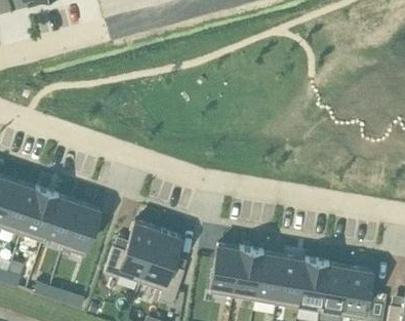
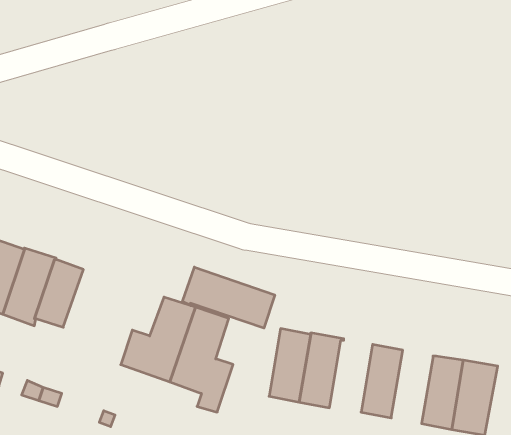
building: none -> [182,267,275,328]
building: [62,202,100,256] -> none
building: [253,252,284,304] -> none
building: [297,258,329,312] -> none

